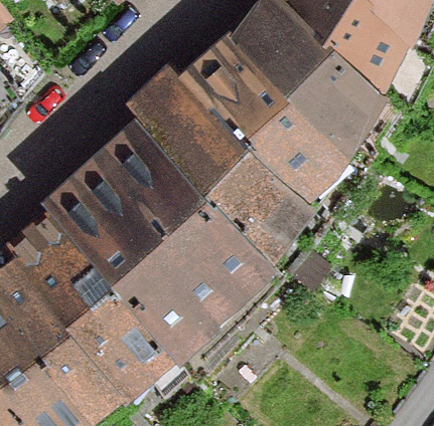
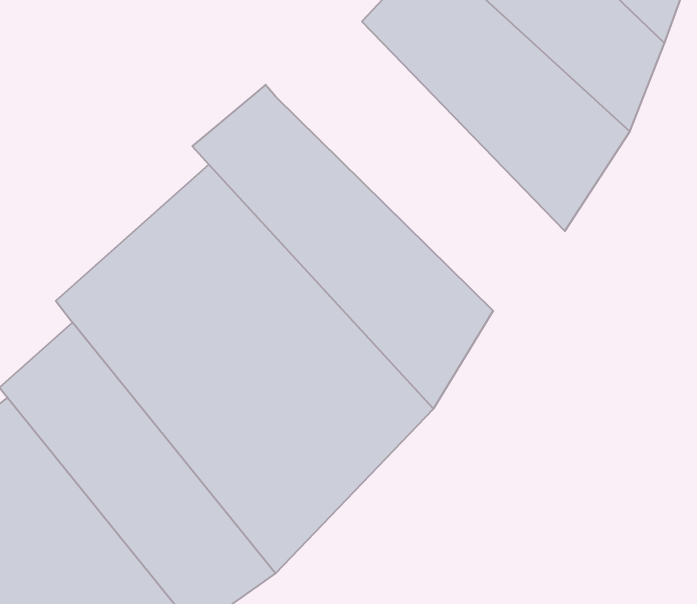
building: [173,32,348,207] -> none

